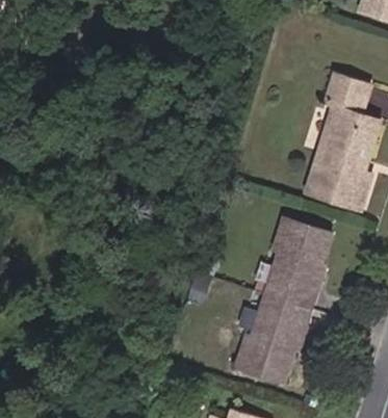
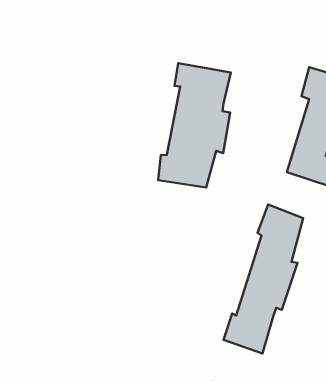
building: none -> [158,63,231,187]

